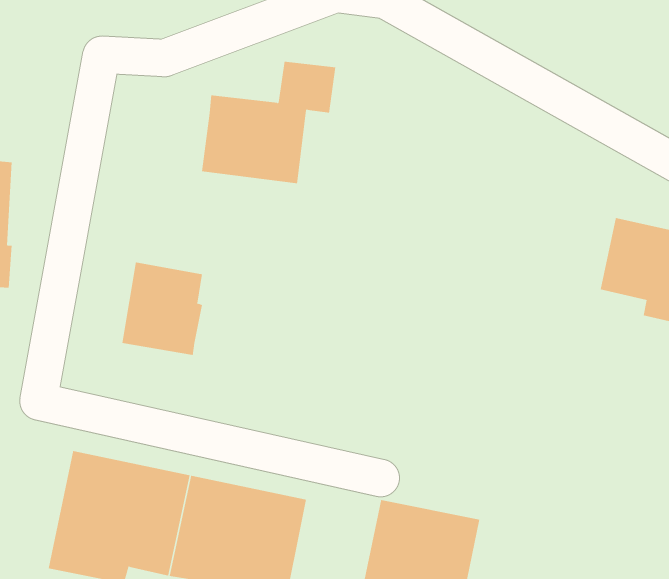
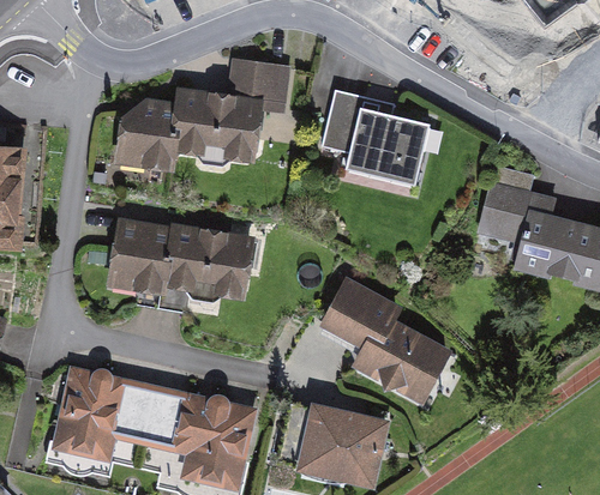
building: none -> [325,95,428,183]
building: none -> [116,98,176,167]
building: none -> [166,224,247,296]
building: none -> [320,278,451,402]

